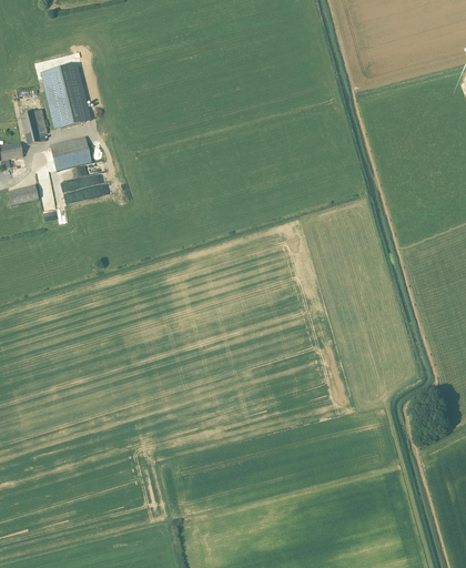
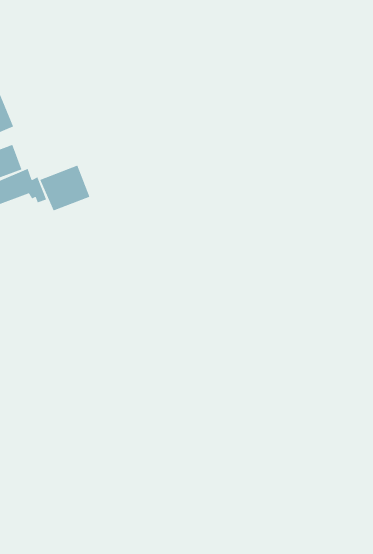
building: none -> [39,164,91,211]

